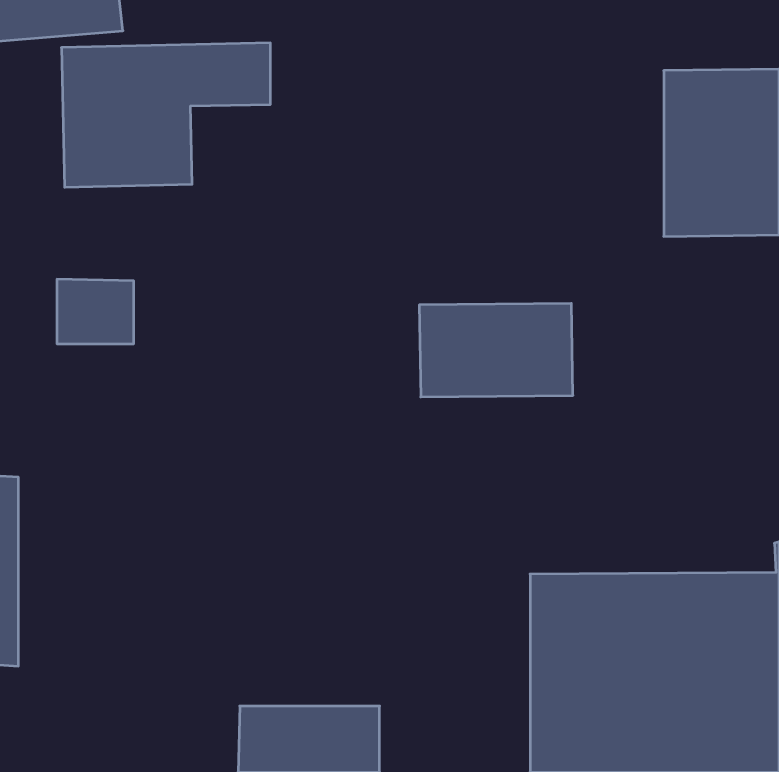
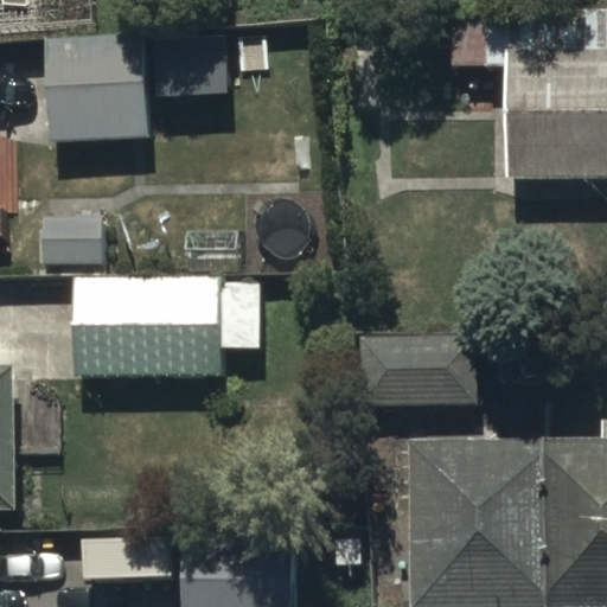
building: [419,303,573,397] -> [358,336,477,408]
building: none -> [75,271,222,379]

